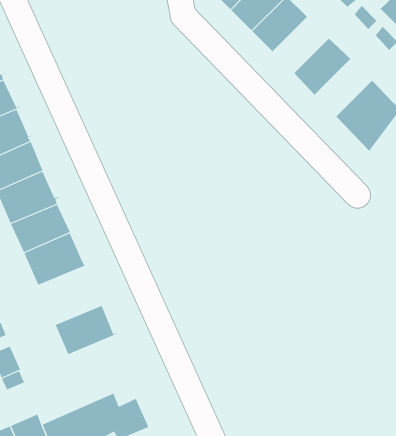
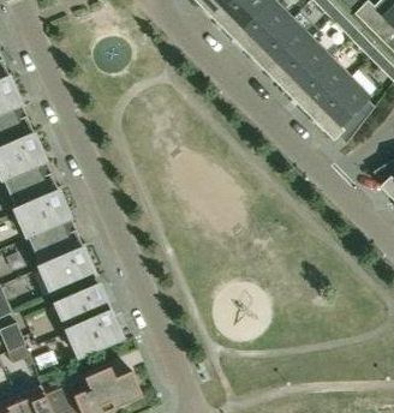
building: none -> [256,22,308,73]
building: none -> [294,60,347,113]
building: none -> [41,250,98,295]
building: none -> [68,312,126,359]

